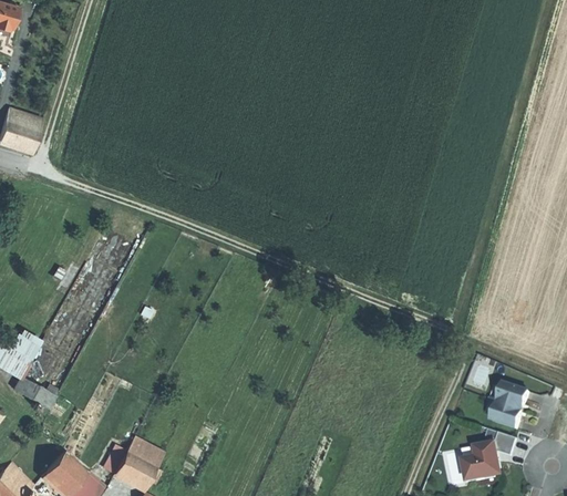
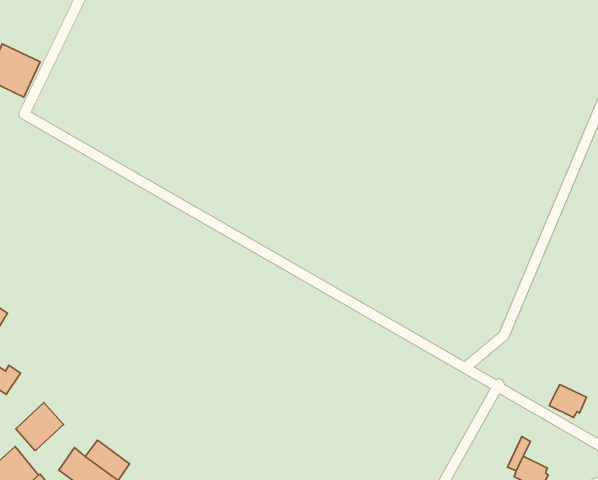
building: [497,384,528,411] -> [549,385,587,418]
building: none -> [16,402,64,450]

